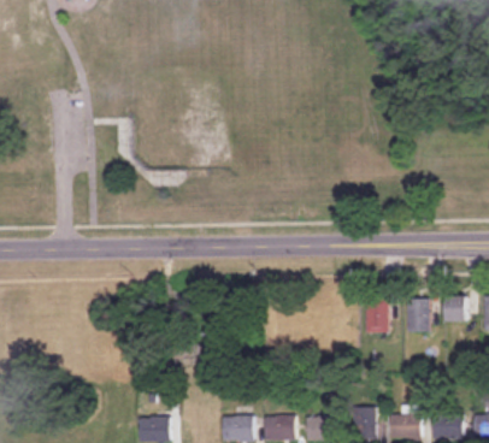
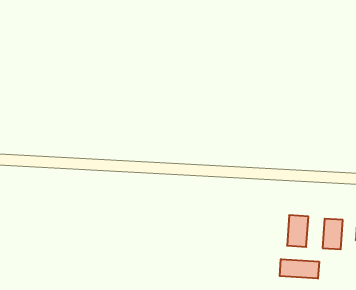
building: none -> [280,259,319,279]

